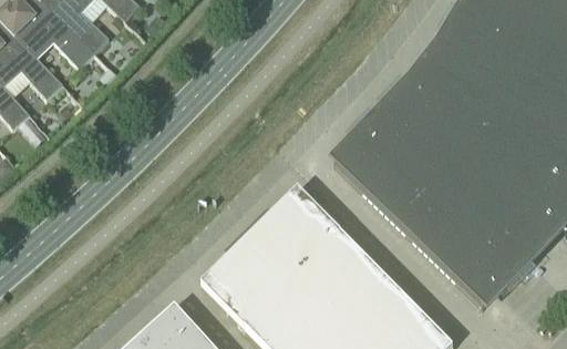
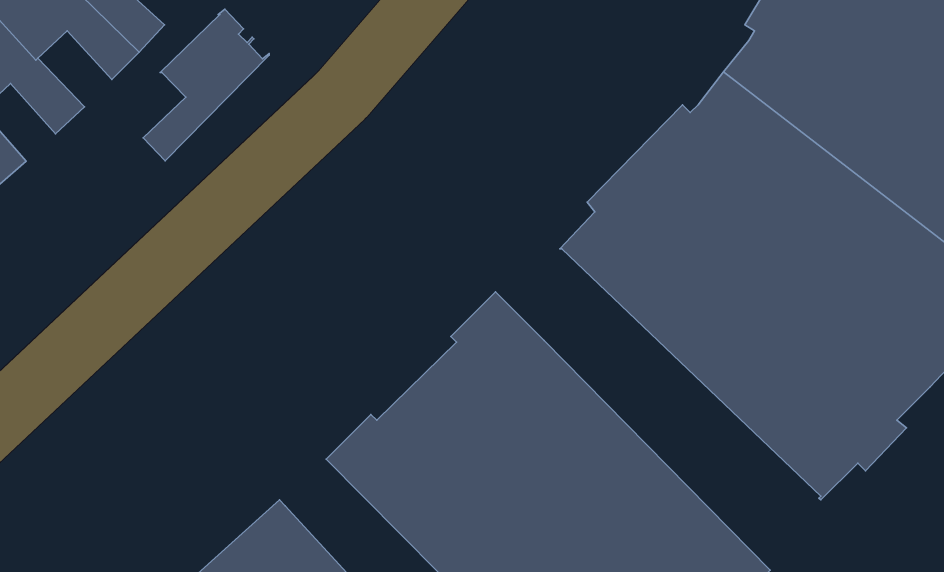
building: none -> [143,9,269,161]

